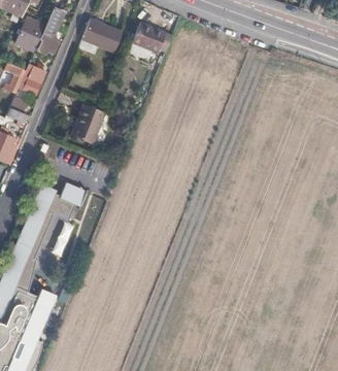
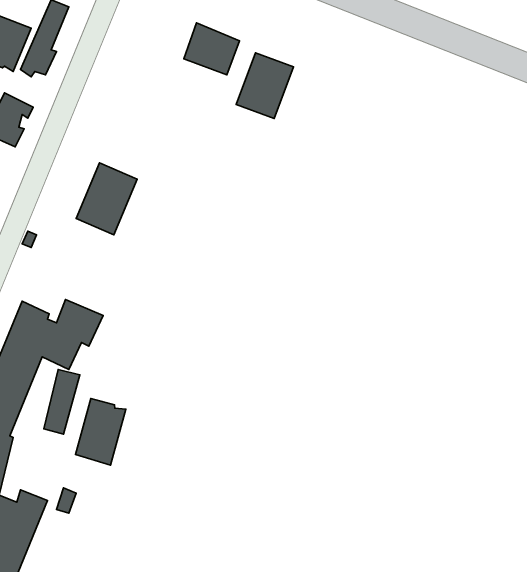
building: [83,18,124,50] -> none
building: none -> [236,53,293,118]
building: none -> [76,398,126,465]

